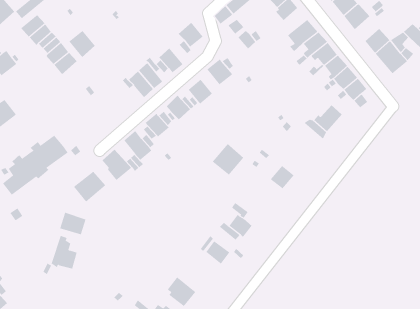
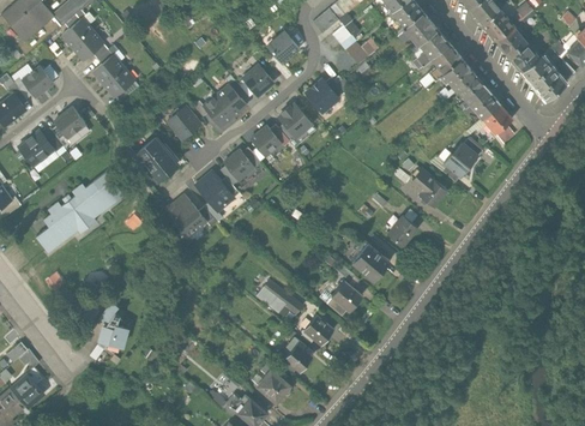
building: none -> [394,11,434,43]
building: none -> [495,22,527,54]
building: [68,30,96,58] -> none
building: none -> [164,107,199,142]
building: none -> [53,108,86,143]
building: none -> [137,139,177,181]
building: none -> [410,167,448,209]
building: [212,143,244,175] -> [350,239,392,281]
building: [73,171,106,202] -> none
building: [59,212,86,235] -> none
building: none -> [254,281,298,317]
building: none -> [282,336,310,370]

